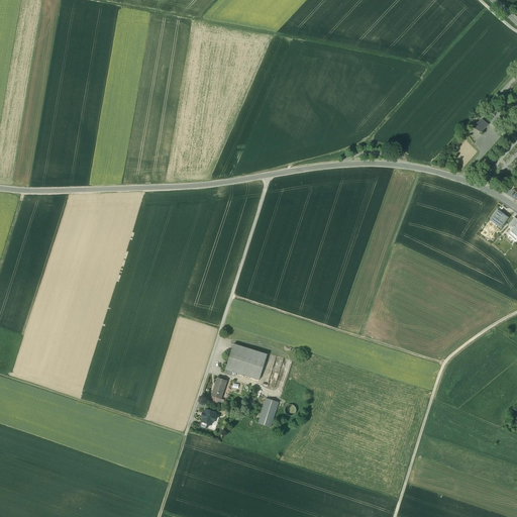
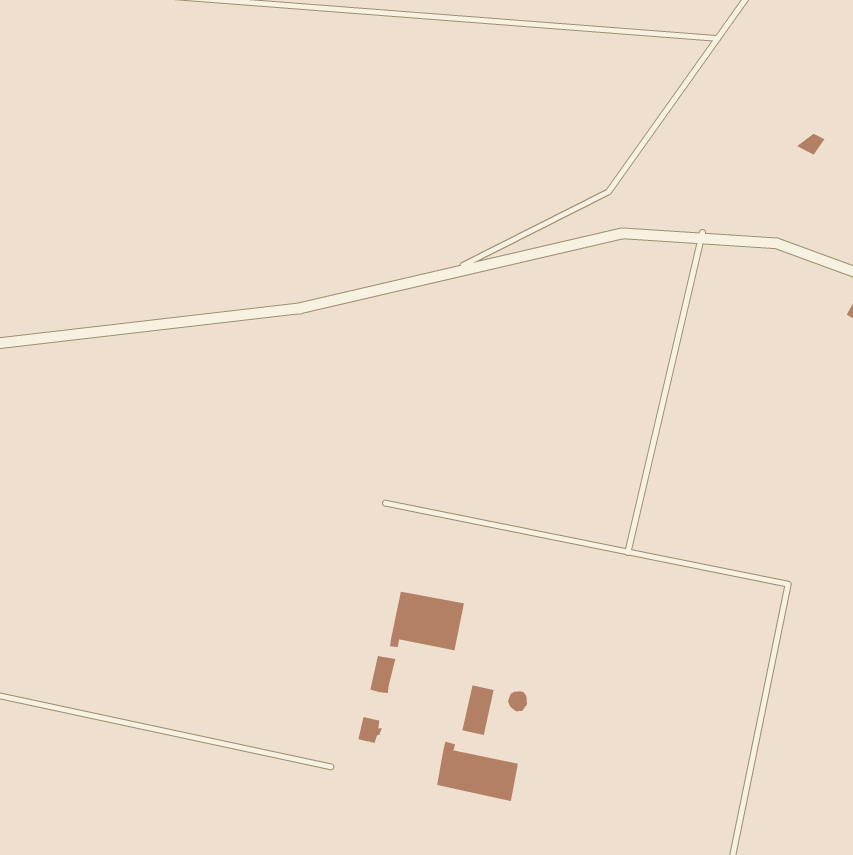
building: none -> [436,741,518,802]

